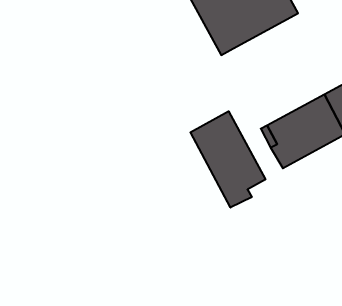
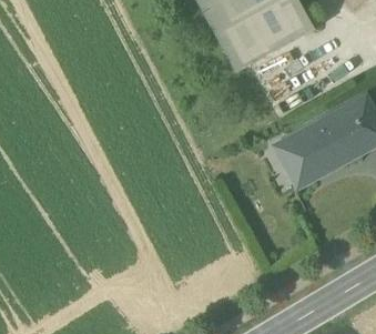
building: [190,111,265,208] -> none

